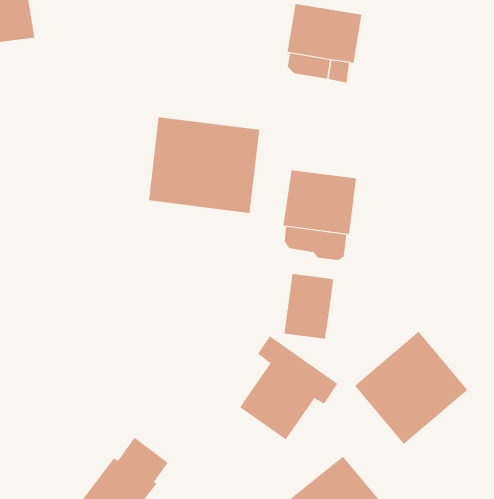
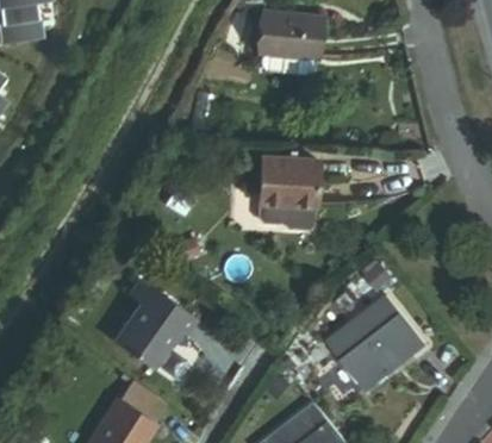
building: [148,116,260,214] -> none
building: [284,273,333,340] -> none
building: [239,336,338,440] -> [102,280,188,370]

